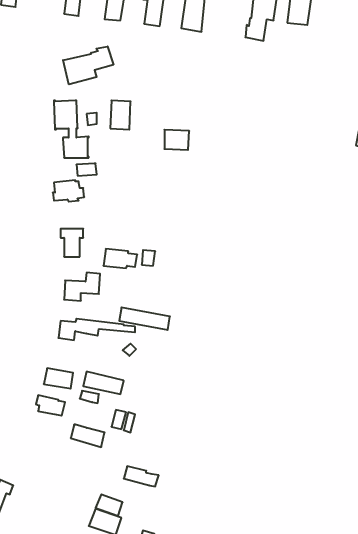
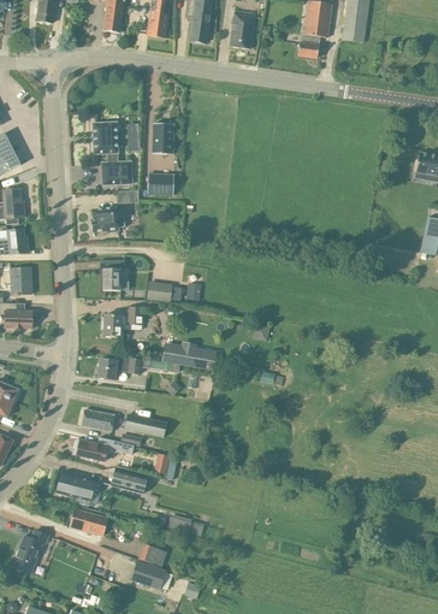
building: [63,46,113,84] -> none
building: [164,130,189,150] -> [148,173,174,195]
building: none -> [58,472,102,503]
building: none -> [70,508,107,536]

